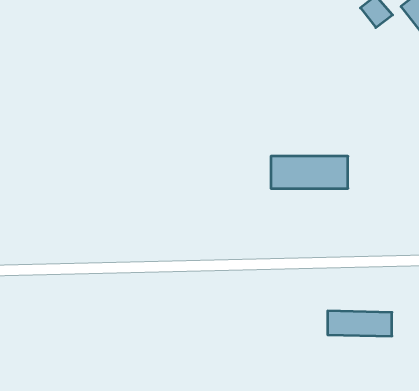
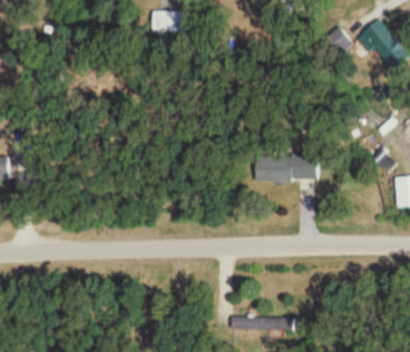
building: [328,311,392,336] -> [243,314,294,334]

